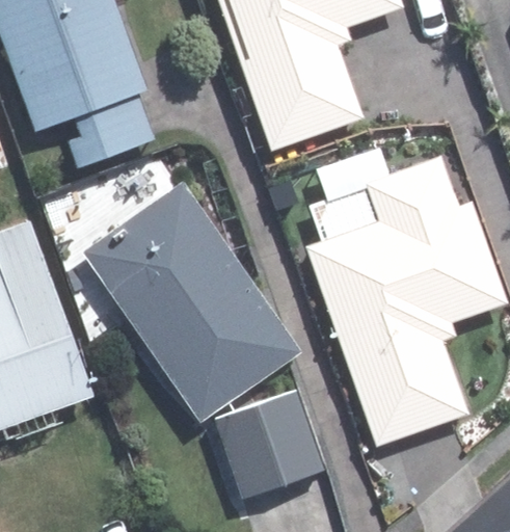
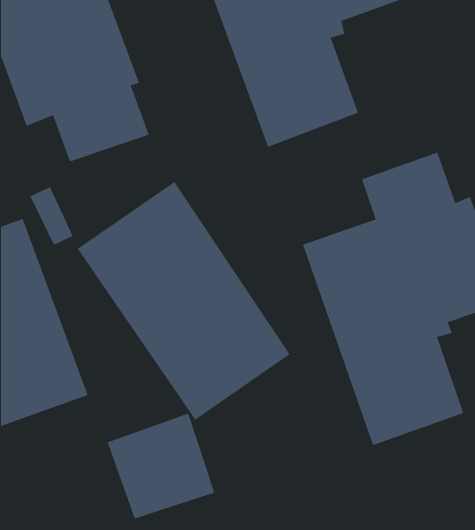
building: [218,391,325,496] -> [107,413,215,519]

